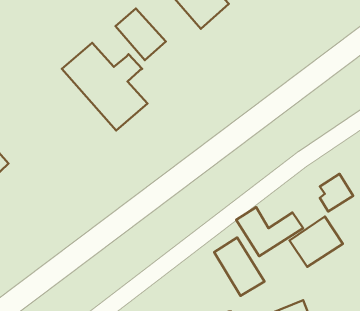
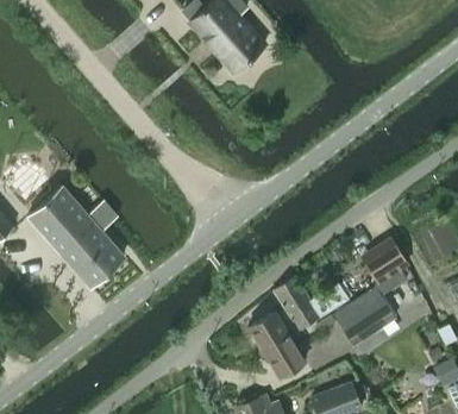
building: [115,9,166,60] -> none
building: [62,43,147,130] -> [27,187,125,287]

